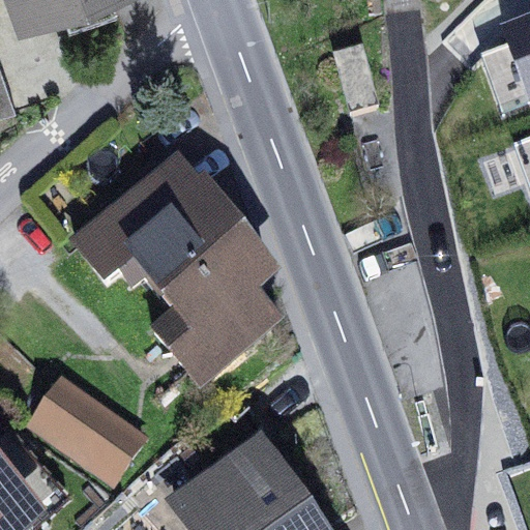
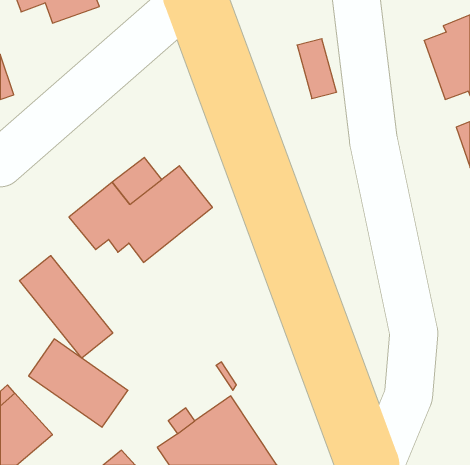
building: [155,233,278,384] -> none
building: none -> [20,256,113,358]

